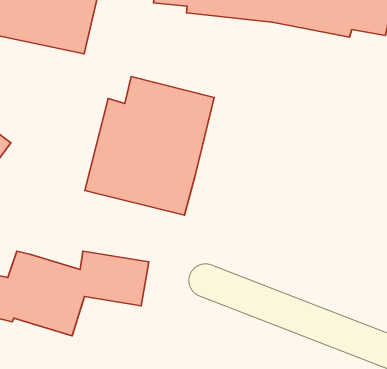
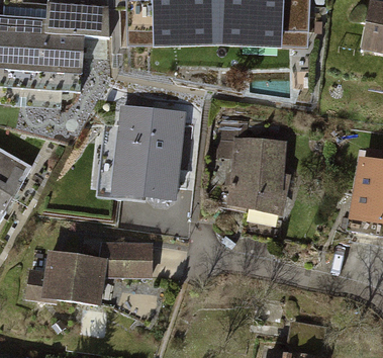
building: none -> [215,123,288,208]

